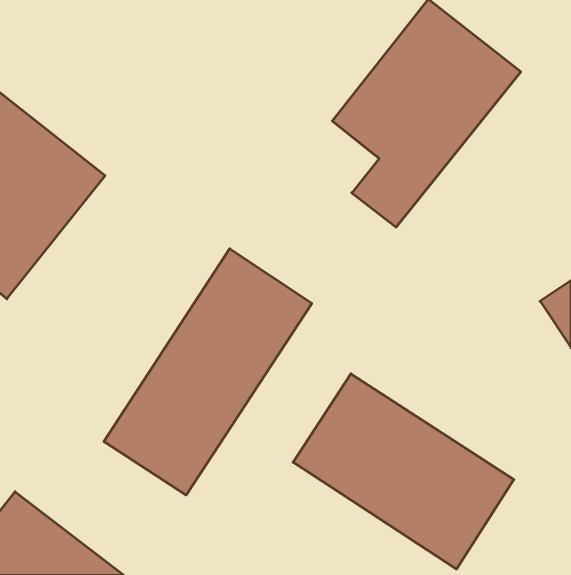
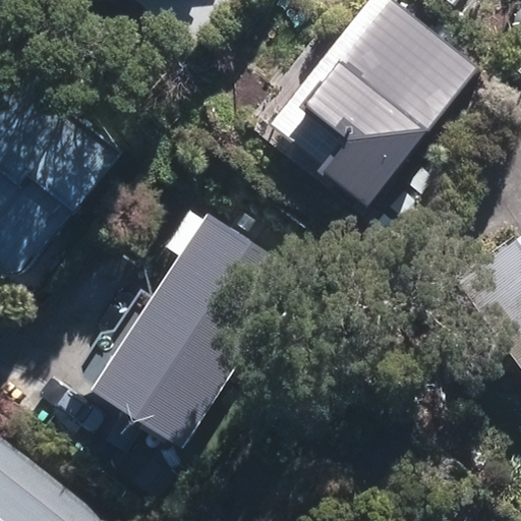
building: [293,374,514,569] -> none

